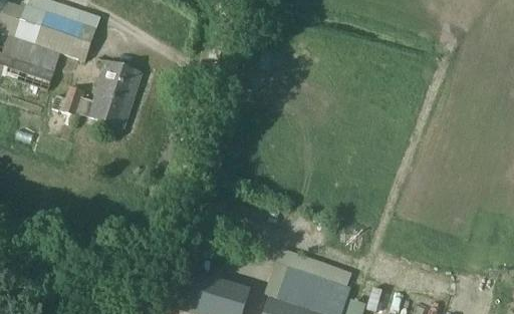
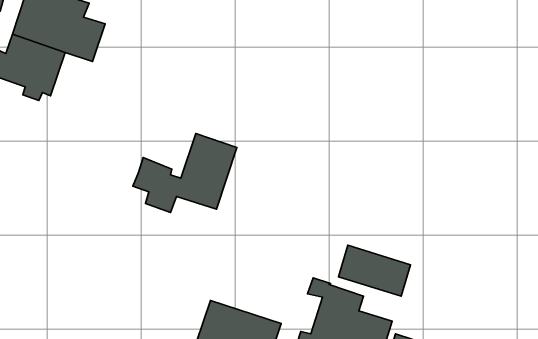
building: [50,59,142,128] -> [133,134,237,213]
building: none -> [339,245,411,296]

